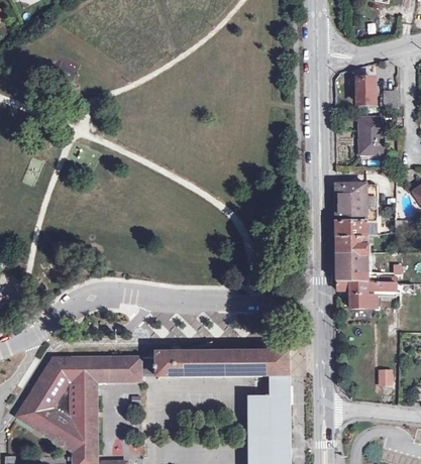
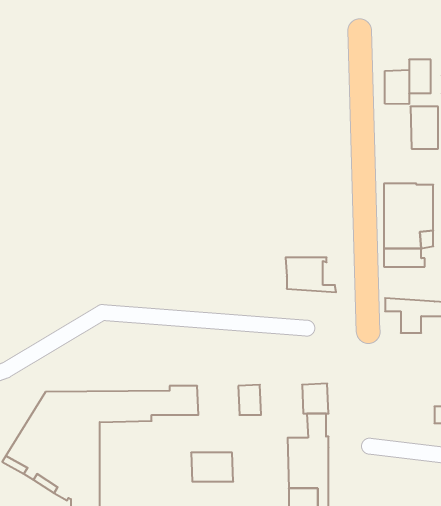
building: none -> [385,70,409,104]
building: [335,252,378,281] -> [286,257,336,292]
building: [231,351,268,376] -> none
building: [179,352,214,376] -> [191,453,233,482]

